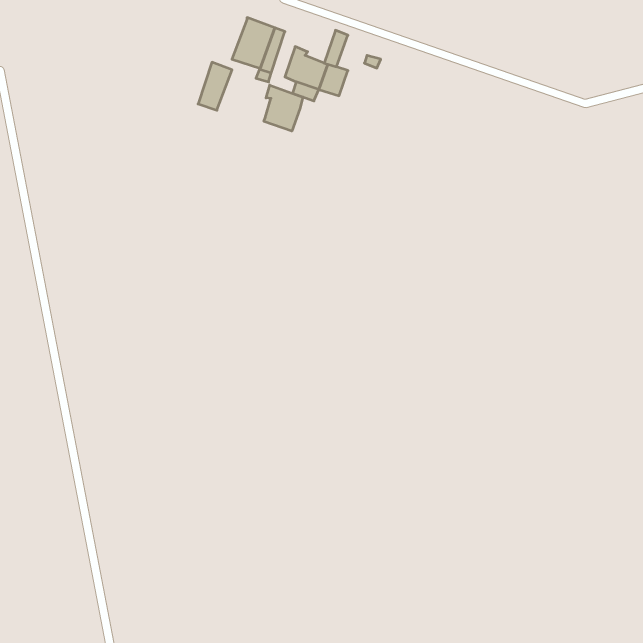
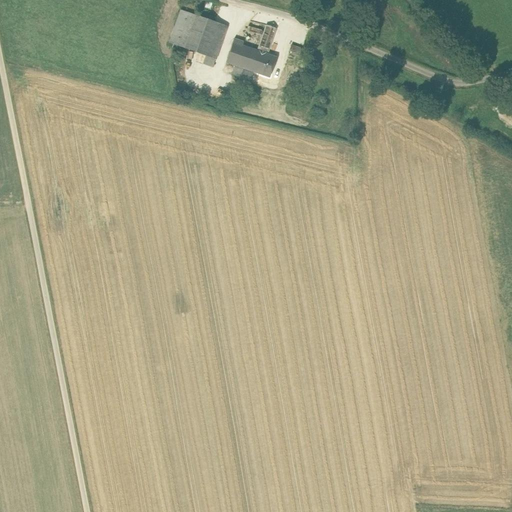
building: [198,62,232,110] -> [170,9,197,47]
building: [264,85,303,131] -> none

